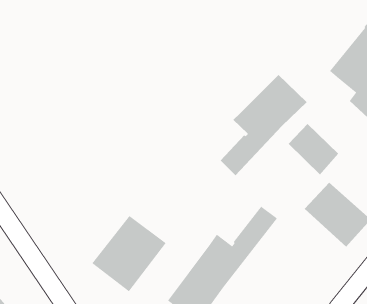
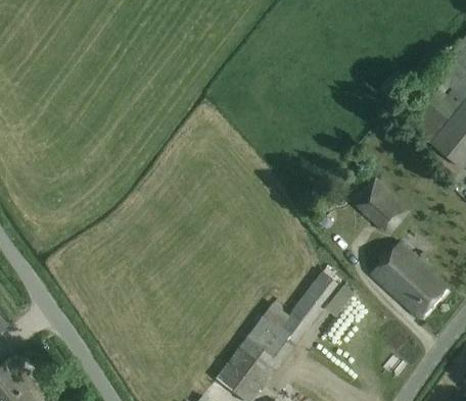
building: [220,74,307,176] -> none
building: [92,215,166,292] -> none

